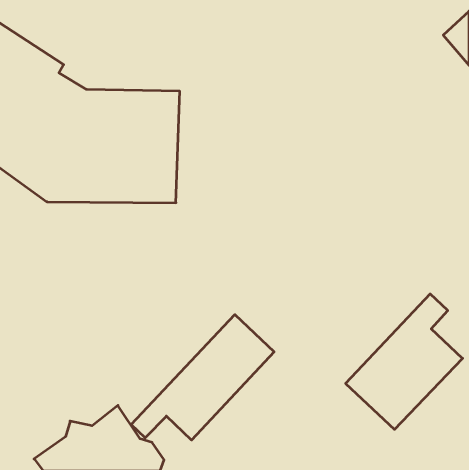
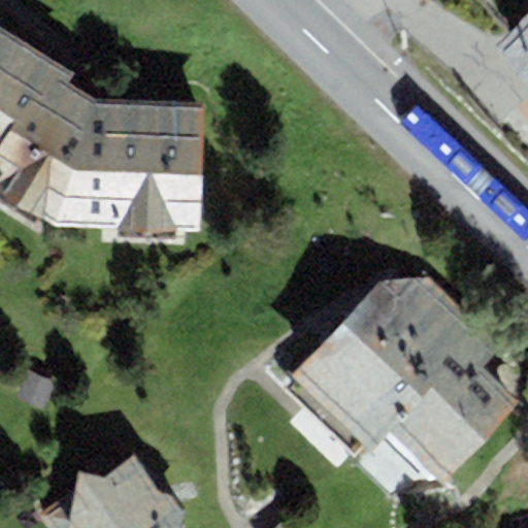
building: none -> [292,279,482,449]
building: [131,315,274,440] -> none

